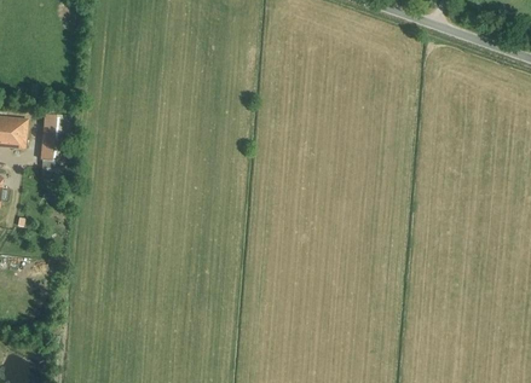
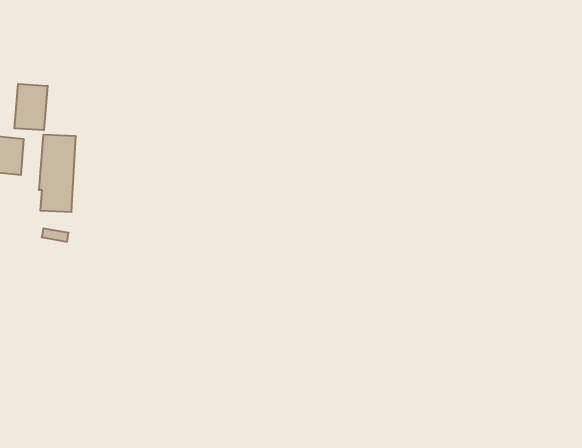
building: none -> [14,84,48,130]

